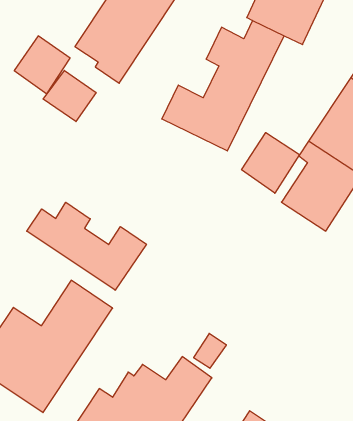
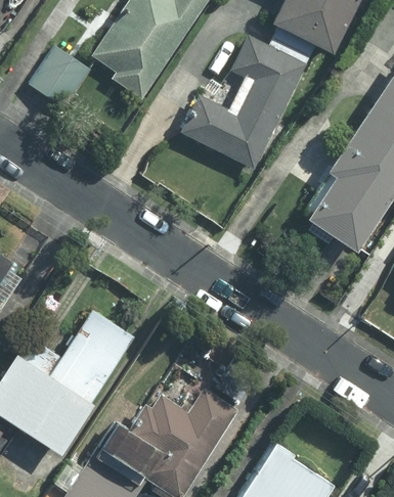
building: [43,70,96,122] -> none
building: [242,133,299,193] -> none
building: [27,202,146,290] -> none

